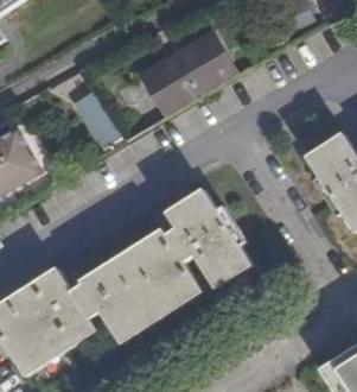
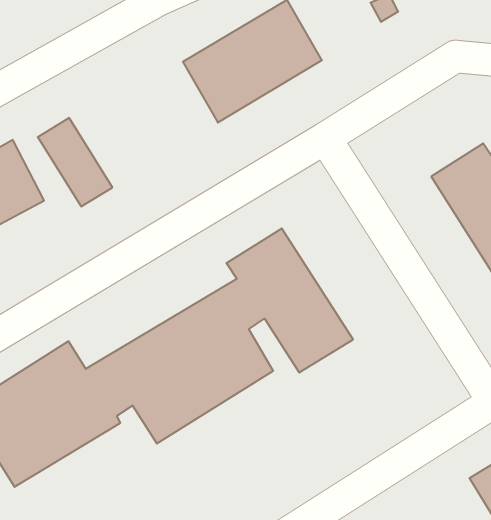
building: [74,88,125,148] -> [38,118,112,206]

